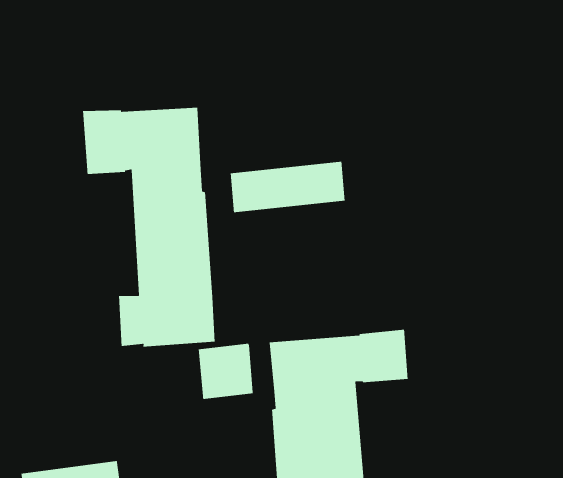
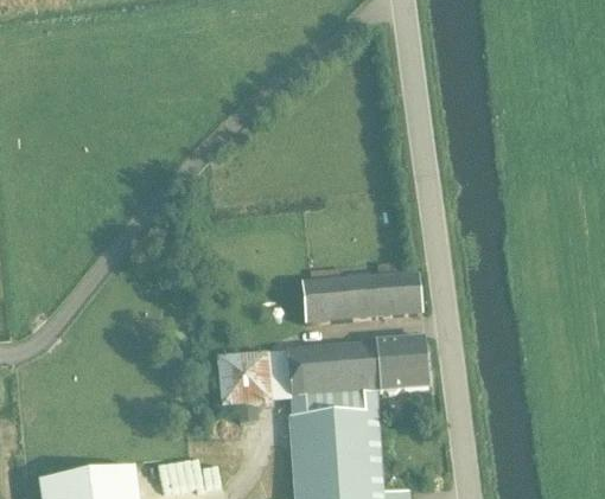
building: [82,107,215,348] -> none
building: [230,161,346,213] -> [304,269,420,321]

